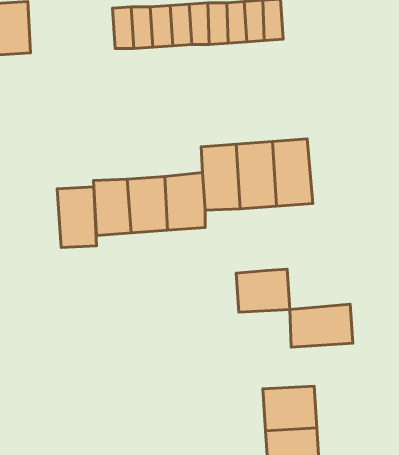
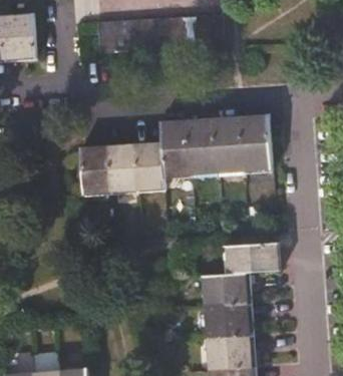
building: none -> [240,117,269,167]
building: [57,187,97,247] -> none
building: [236,269,290,312] -> [205,274,245,306]

